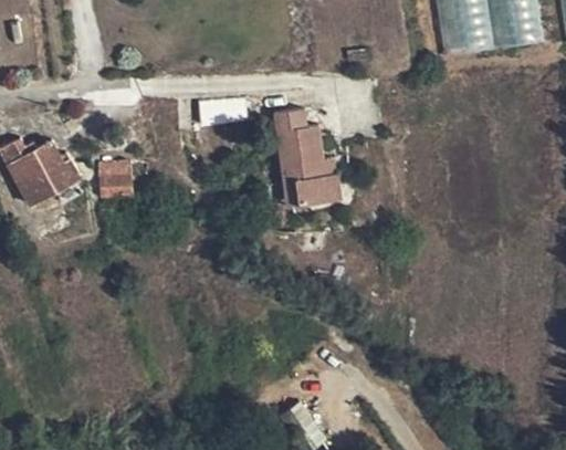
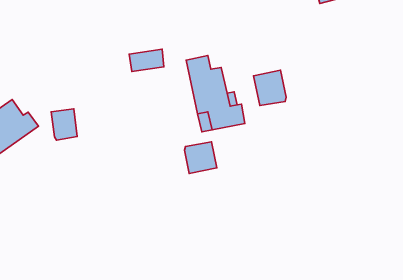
building: none -> [253,70,286,106]
building: none -> [184,142,217,173]

